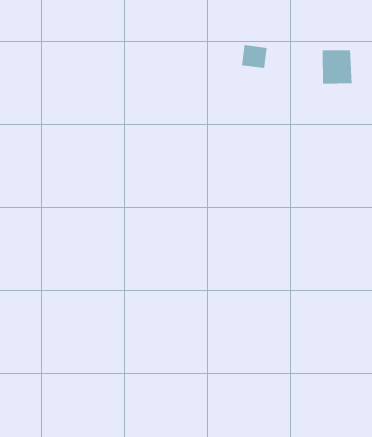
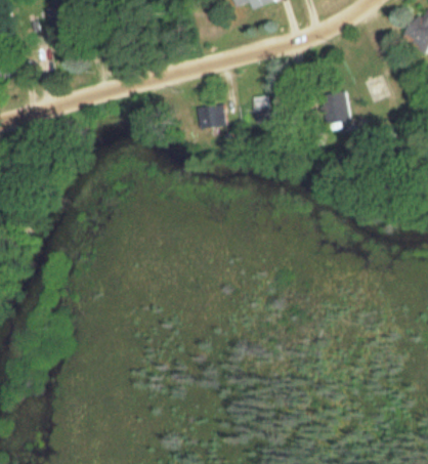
building: none -> [198,104,225,129]

